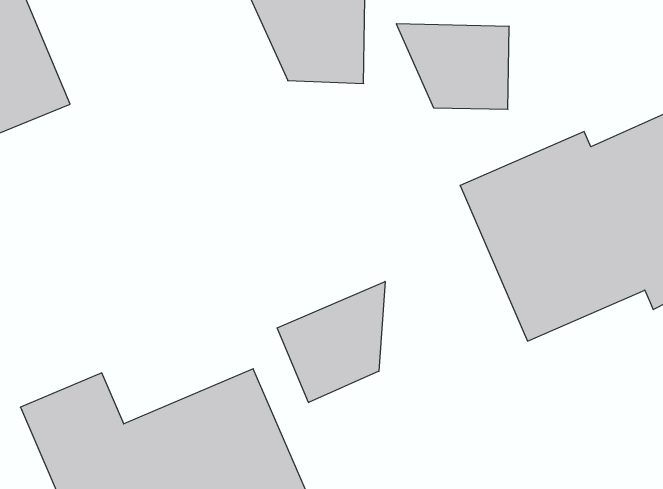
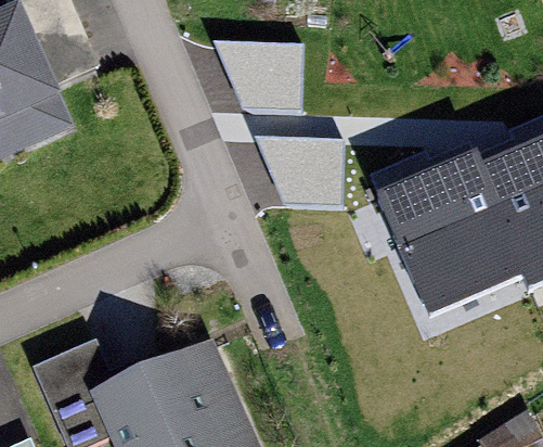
building: [396,24,509,109] -> [255,137,344,204]
building: [277,281,385,403] -> none

